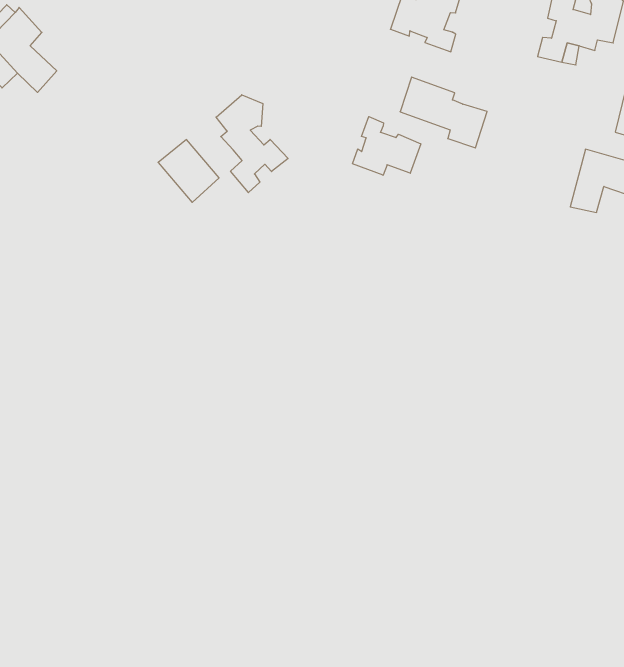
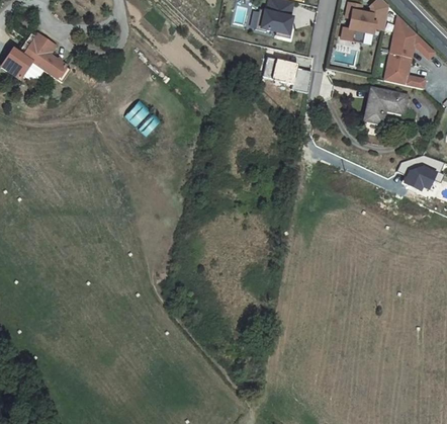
building: [216,95,288,193] -> none
building: [353,117,421,175] -> none

